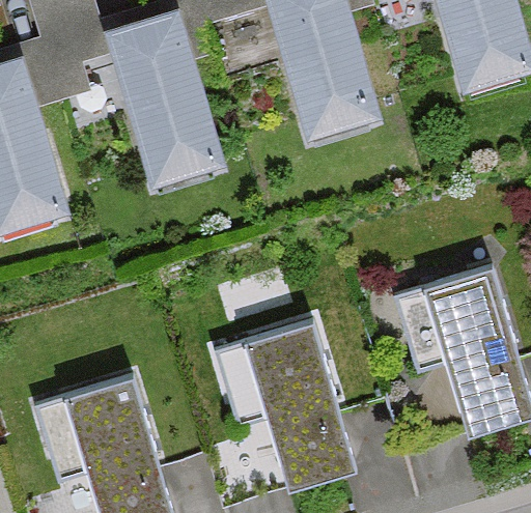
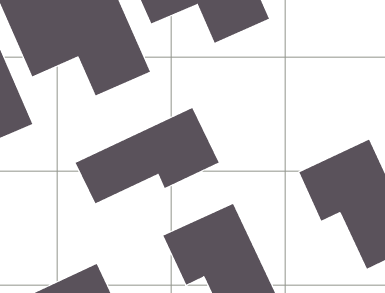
building: none -> [75,107,220,204]

